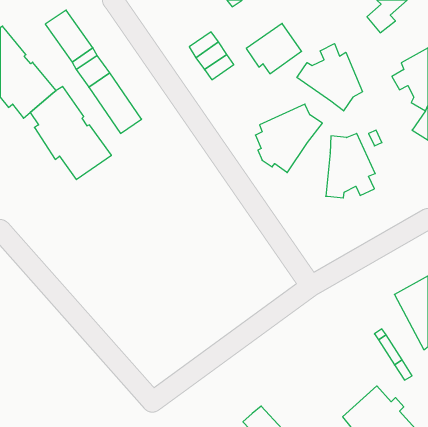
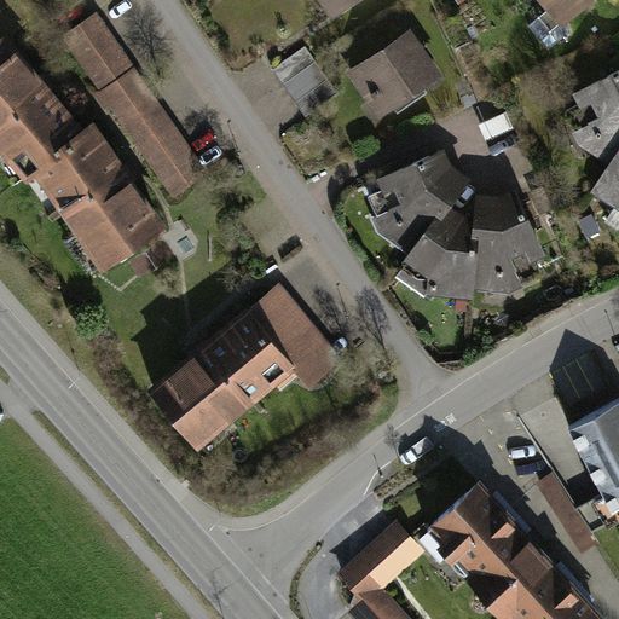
building: [297,44,363,111] -> none
building: none -> [397,208,476,297]
building: none -> [251,288,339,382]
building: none -> [154,313,285,438]
building: none -> [420,486,544,603]
building: none -> [343,527,417,598]

